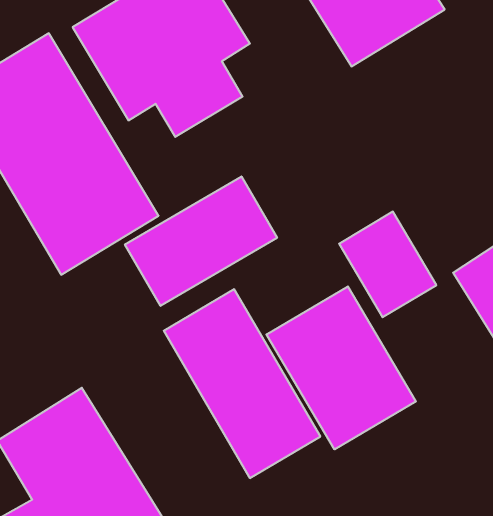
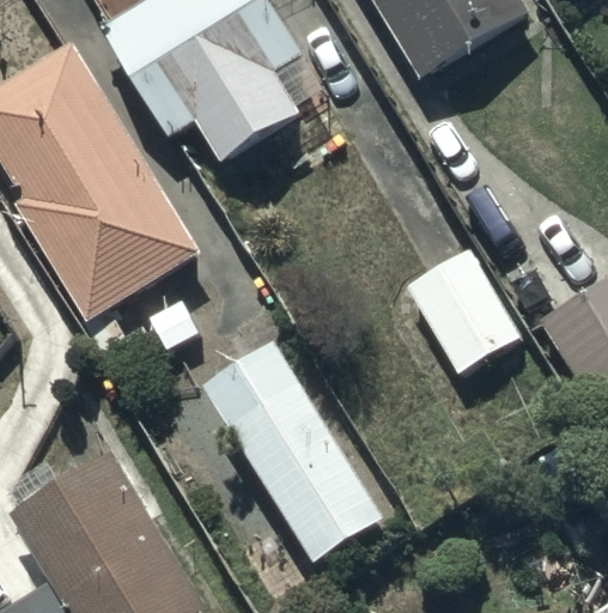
building: [125,176,277,306] -> none
building: [266,286,416,449] -> none

